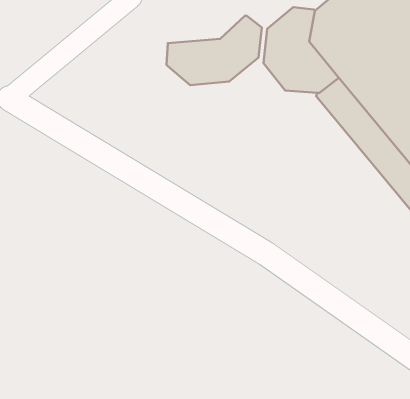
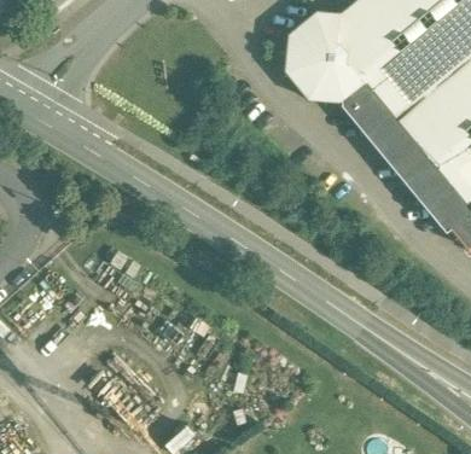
building: [167,16,262,85] -> none

